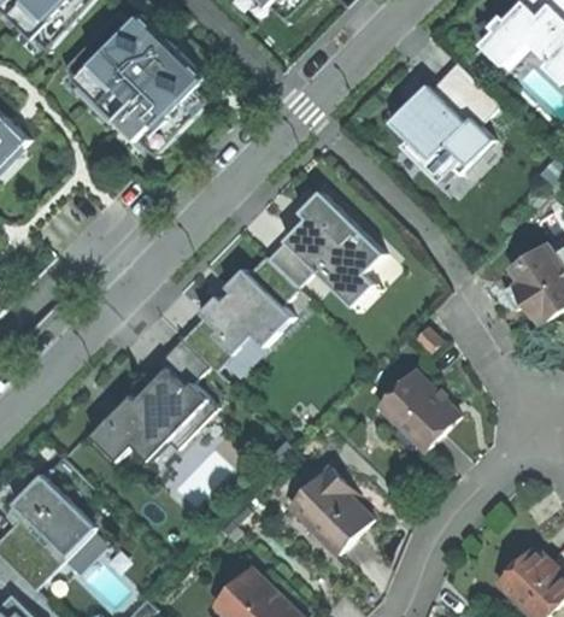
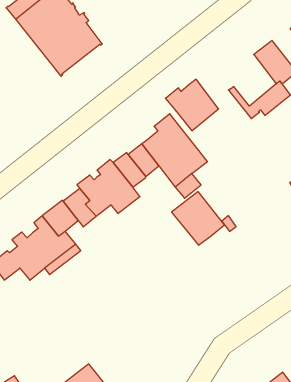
building: [389,87,469,163] -> [165,79,219,131]
building: [378,370,458,448] -> [172,192,225,245]
building: [288,465,371,553] -> none

